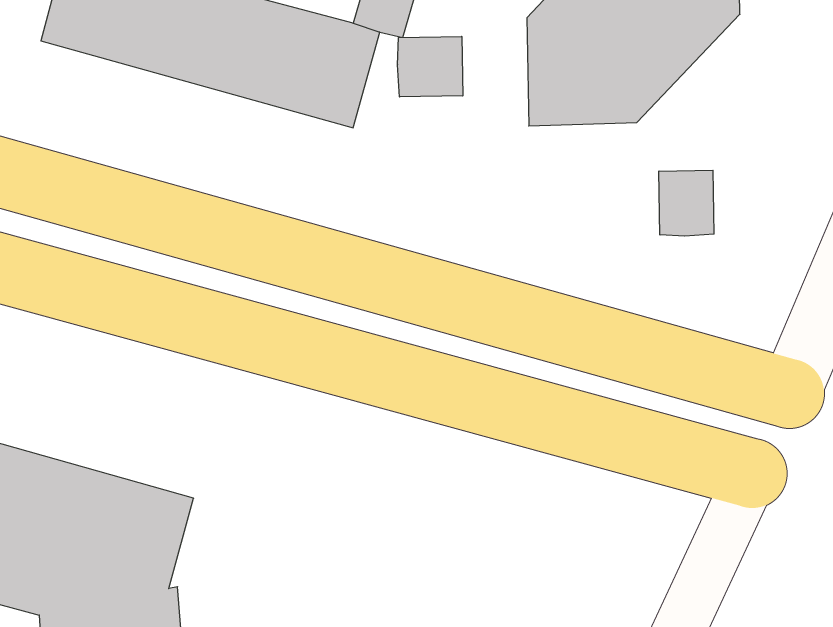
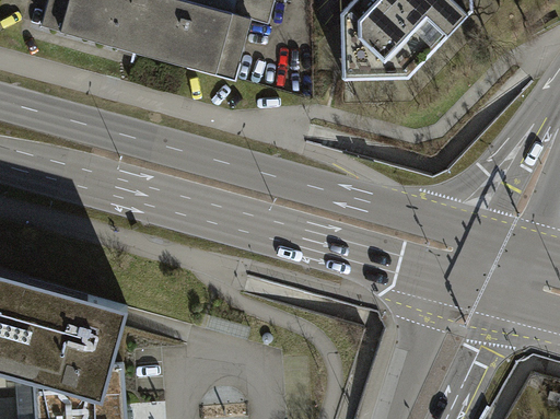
building: [398,36,463,97] -> none
building: [659,170,714,236] -> none

